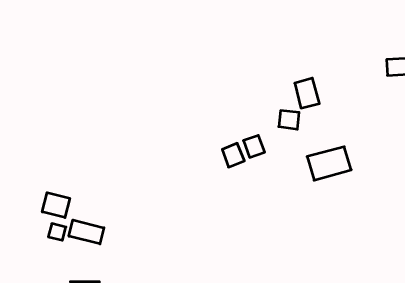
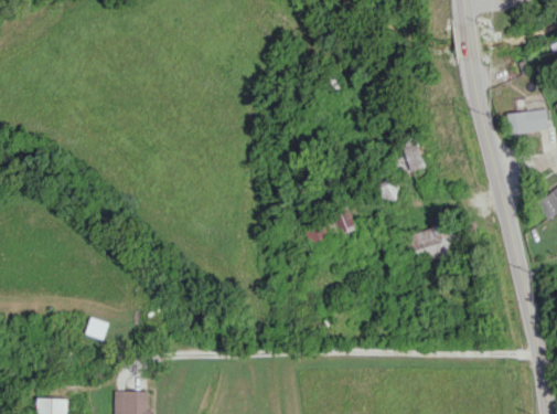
building: [42,193,70,218] -> none
building: [69,220,104,244] -> none

